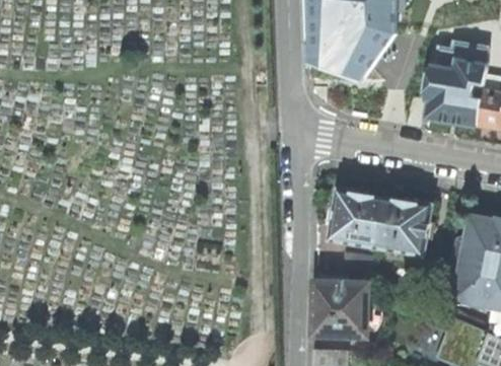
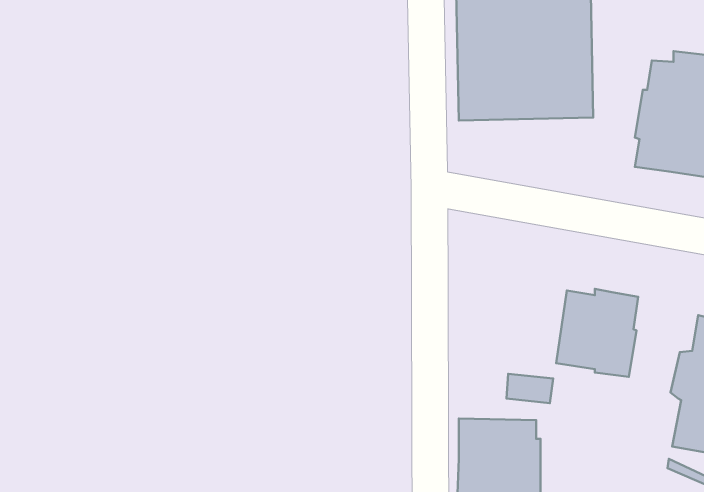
building: [328,186,383,244] -> none

